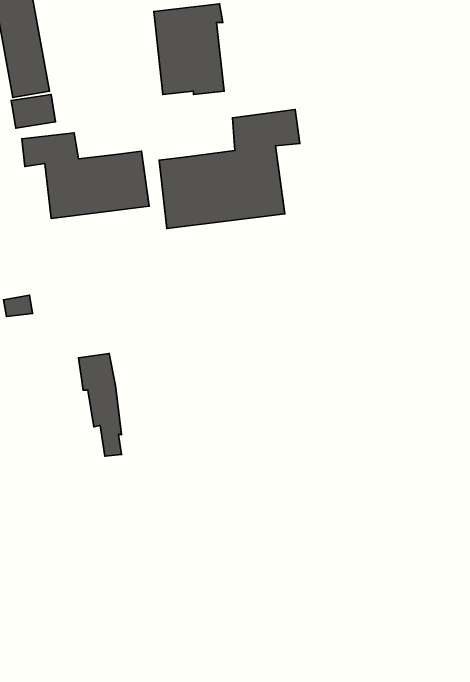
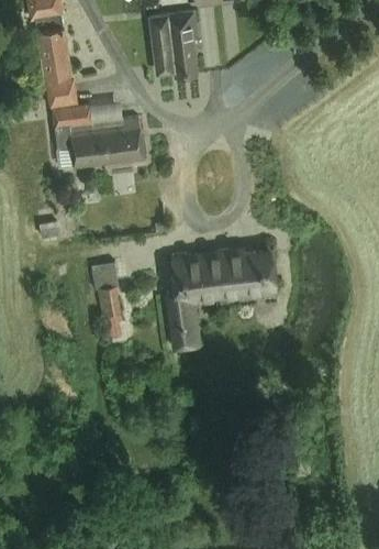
building: [159,110,300,229] -> none
building: none -> [166,250,275,348]

